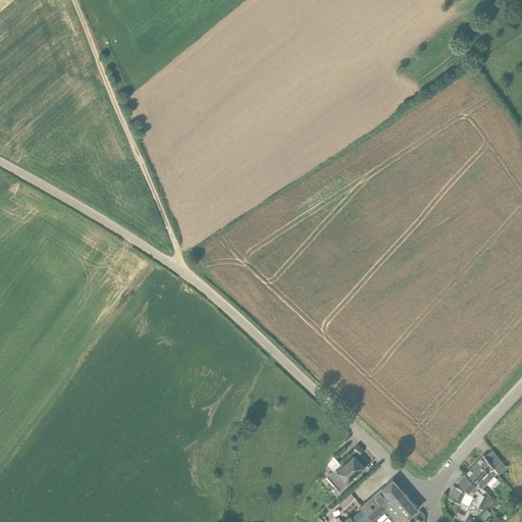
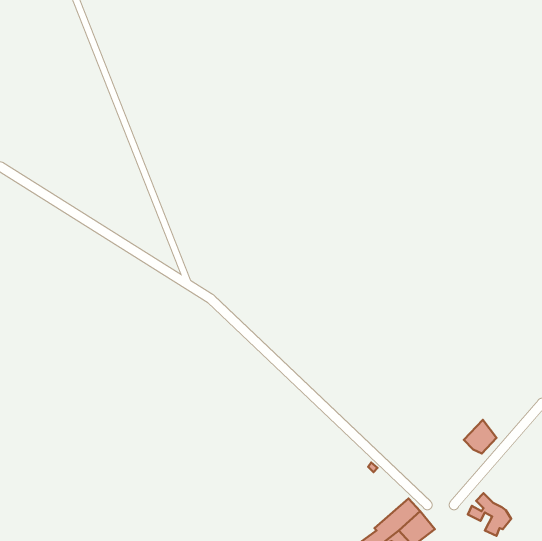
building: [465,456,497,488] -> [464,420,497,454]
building: [327,457,365,490] -> none

